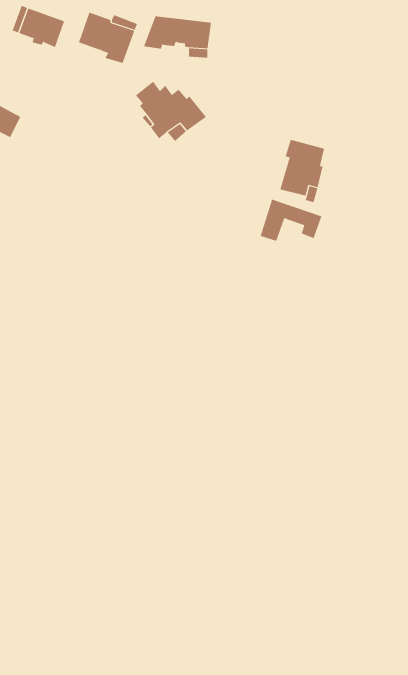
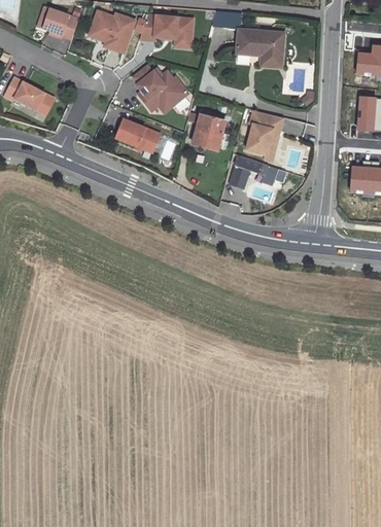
building: none -> [236,31,284,68]
building: none -> [193,110,230,151]
building: none -> [115,118,159,151]

